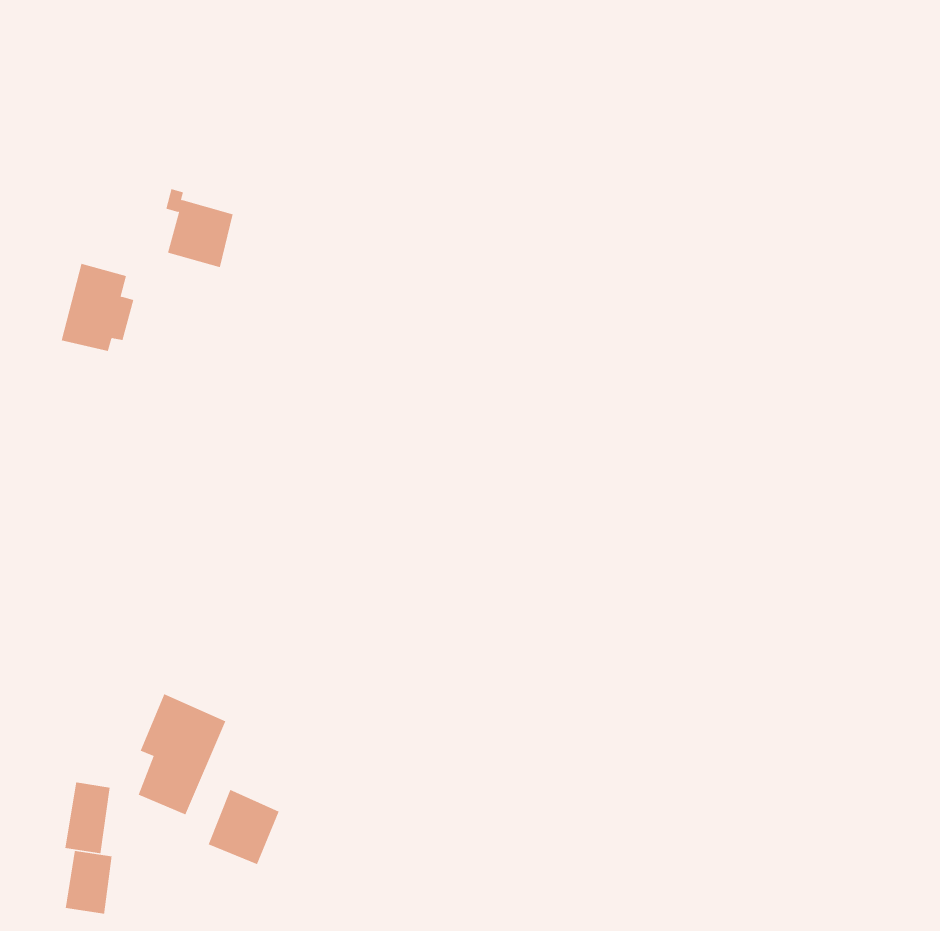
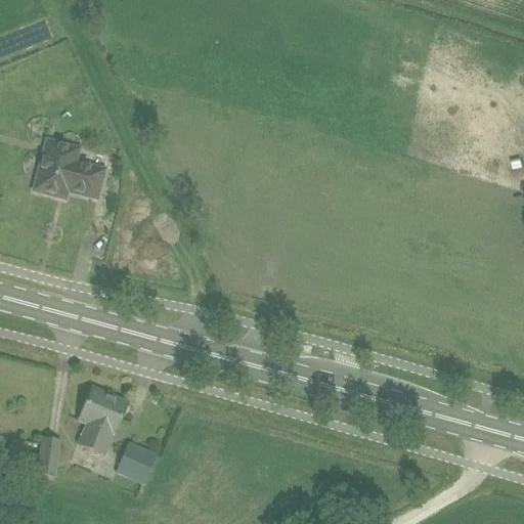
building: [165,189,233,268] -> [68,154,105,198]
building: [65,850,112,914] -> none

